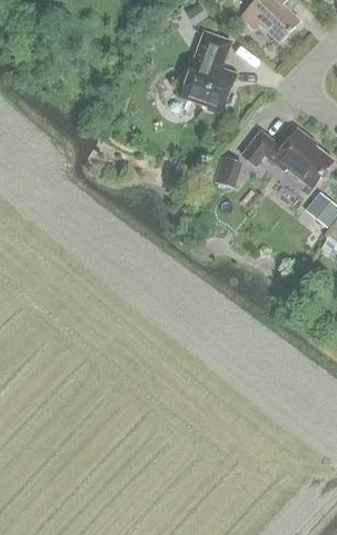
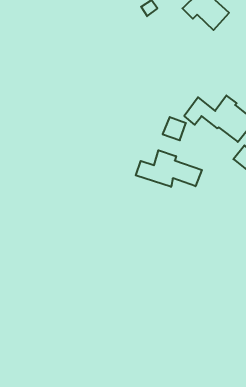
building: [179,31,235,112] -> none
building: none -> [136,150,202,187]

